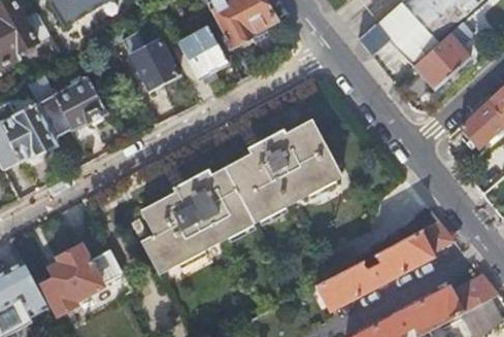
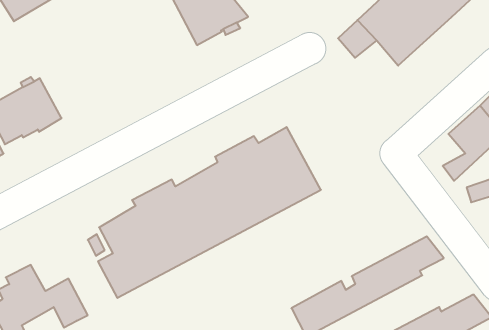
building: [413,22,472,89] -> none
building: [109,25,180,93] -> none
building: [179,29,229,102] -> none

